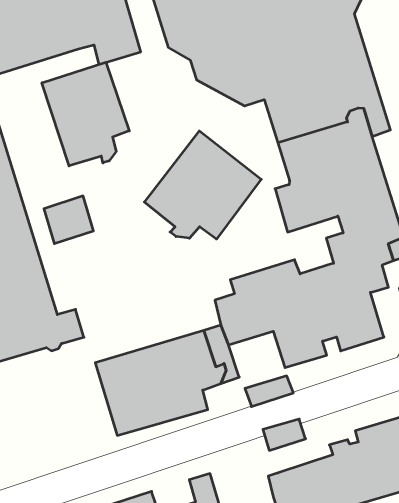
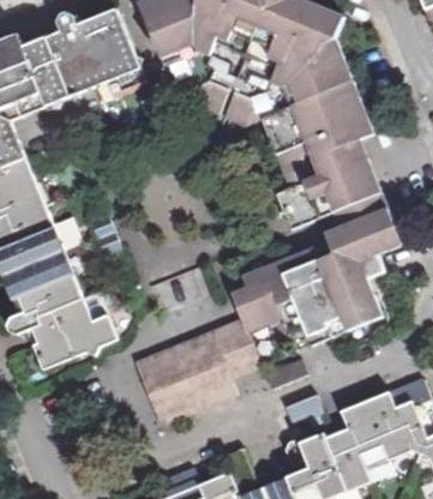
building: [42,62,129,166] -> none
building: [144,131,261,239] -> none

